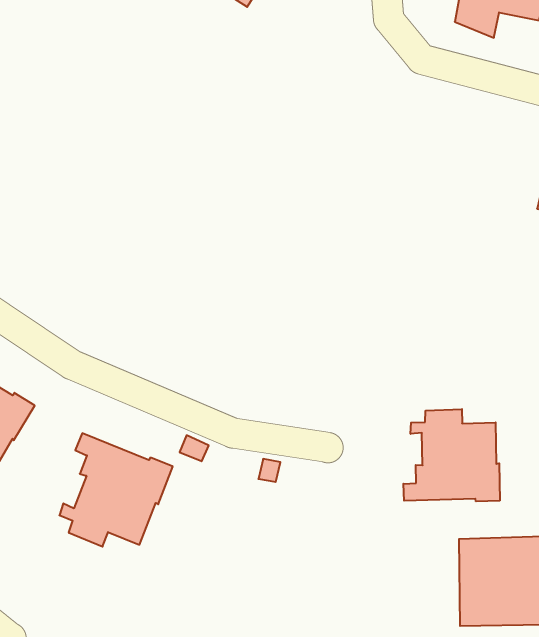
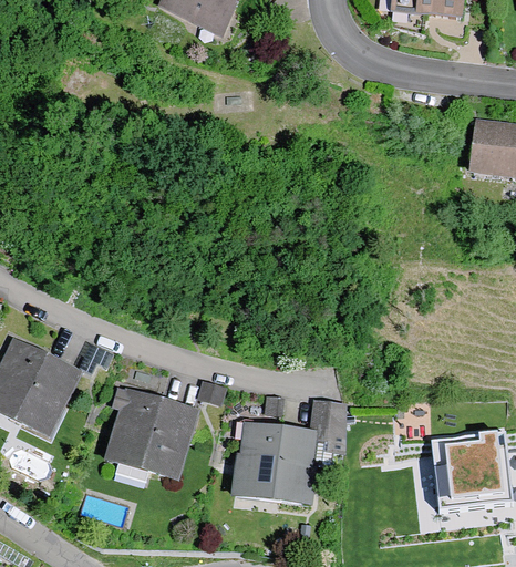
building: [403,409,500,501] -> none
building: none -> [235,401,342,502]

